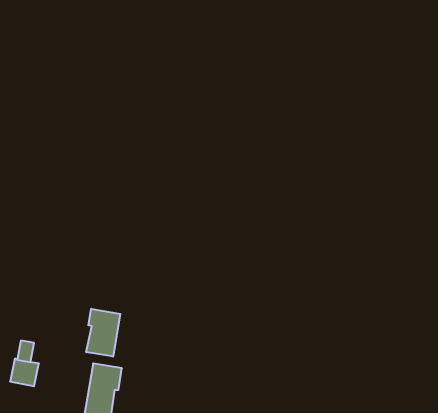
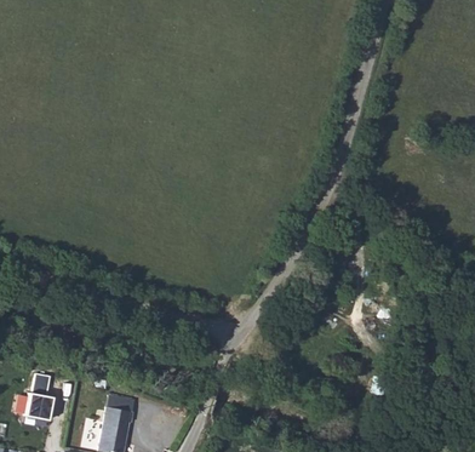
building: [86,309,120,357] -> none

